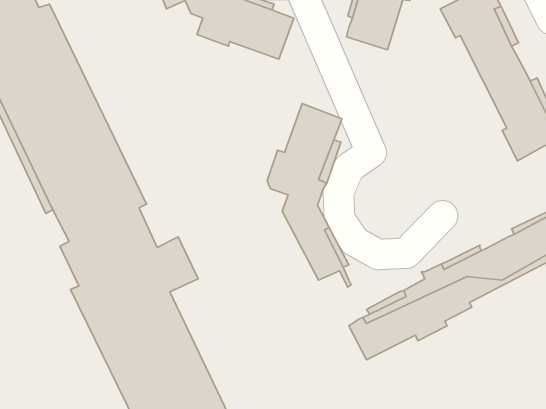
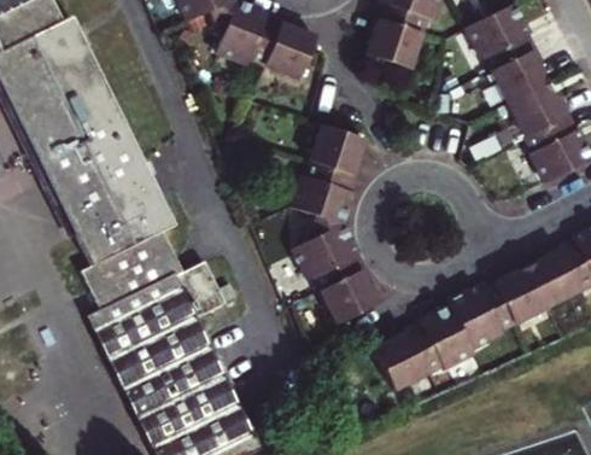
building: none -> [296,234,374,331]

